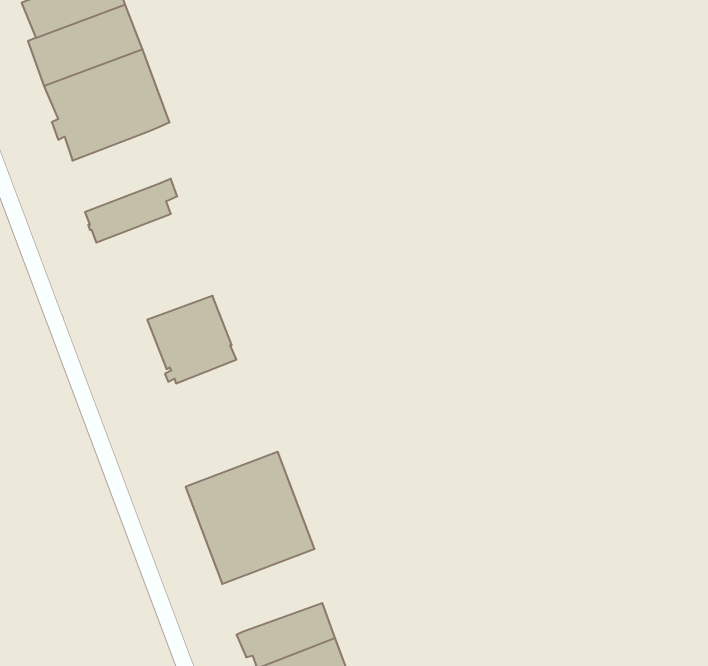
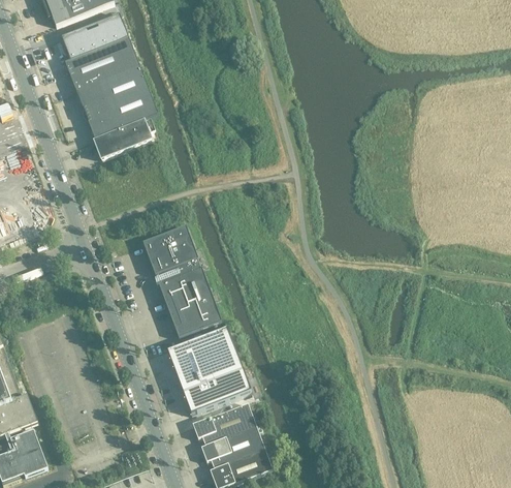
building: [85,179,177,242] -> [94,116,154,157]
building: none -> [158,267,221,336]
building: none -> [192,401,256,444]

